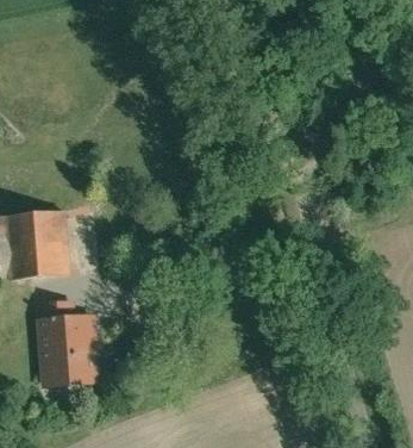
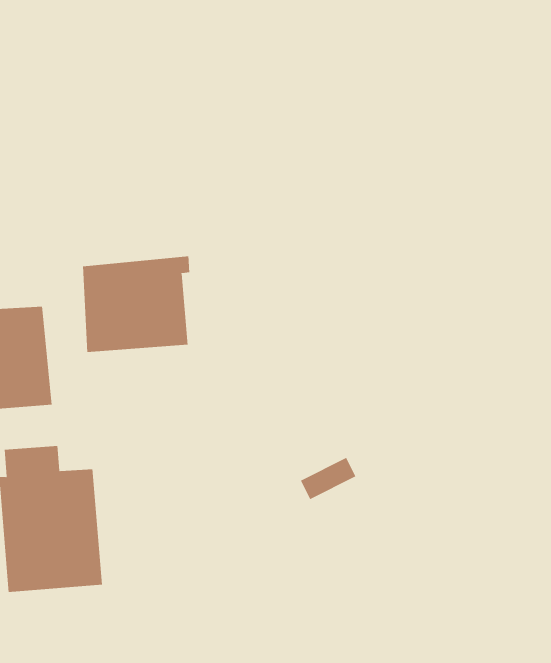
building: none -> [82,256,190,353]

